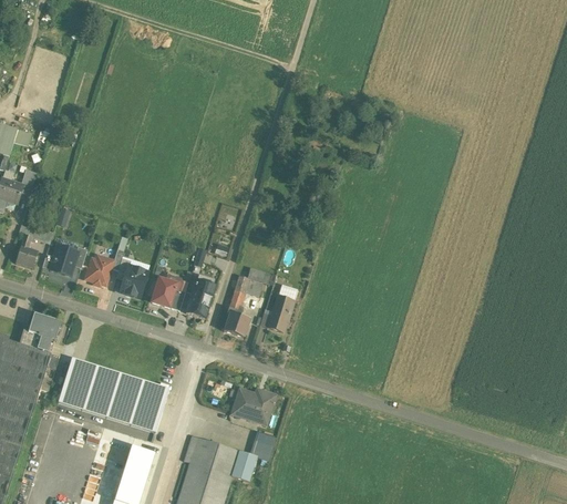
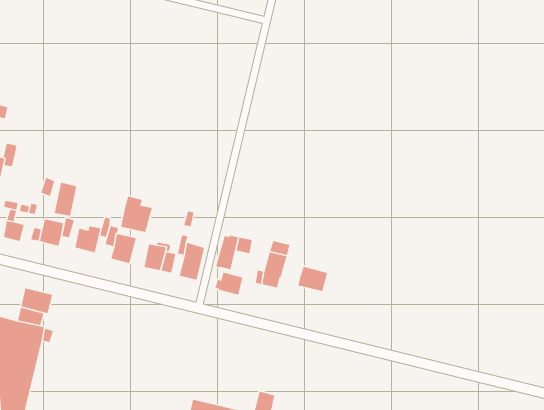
building: none -> [54,182,77,216]
building: none -> [120,195,153,233]
building: none -> [298,266,328,292]
building: [58,358,168,431] -> none
building: [231,388,275,423] -> none

